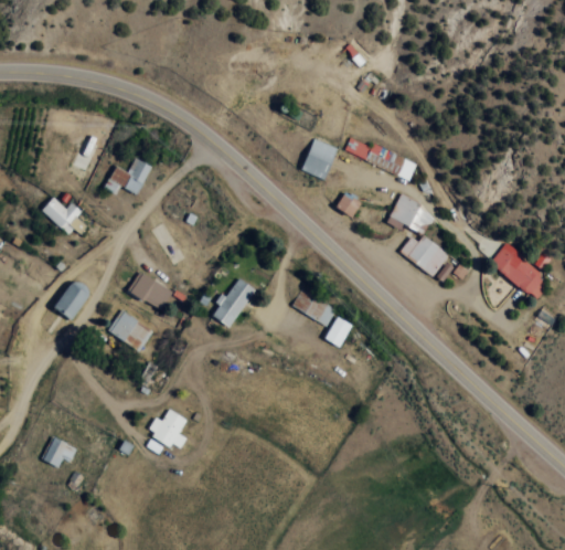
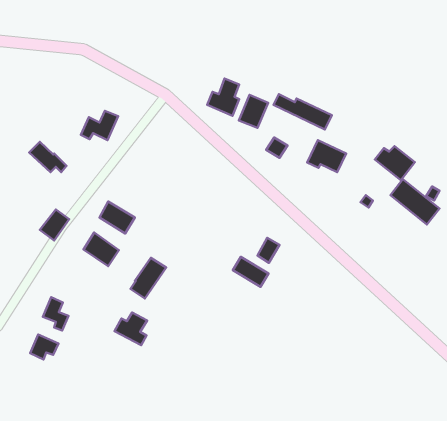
building: none -> [207,78,239,116]
building: [399,234,449,276] -> [375,146,415,180]
building: [212,276,256,327] -> [131,258,166,299]
building: [291,288,335,326] -> [233,257,268,287]
building: none -> [43,297,69,331]

